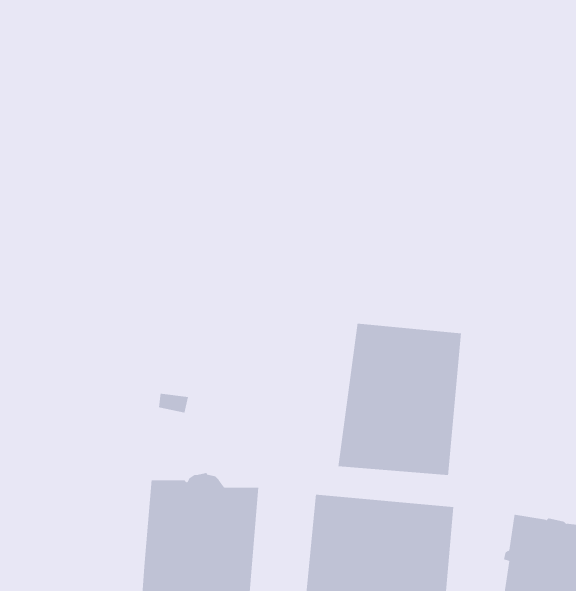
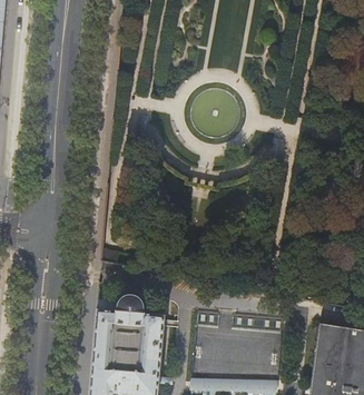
building: [338,323,461,476] -> none

